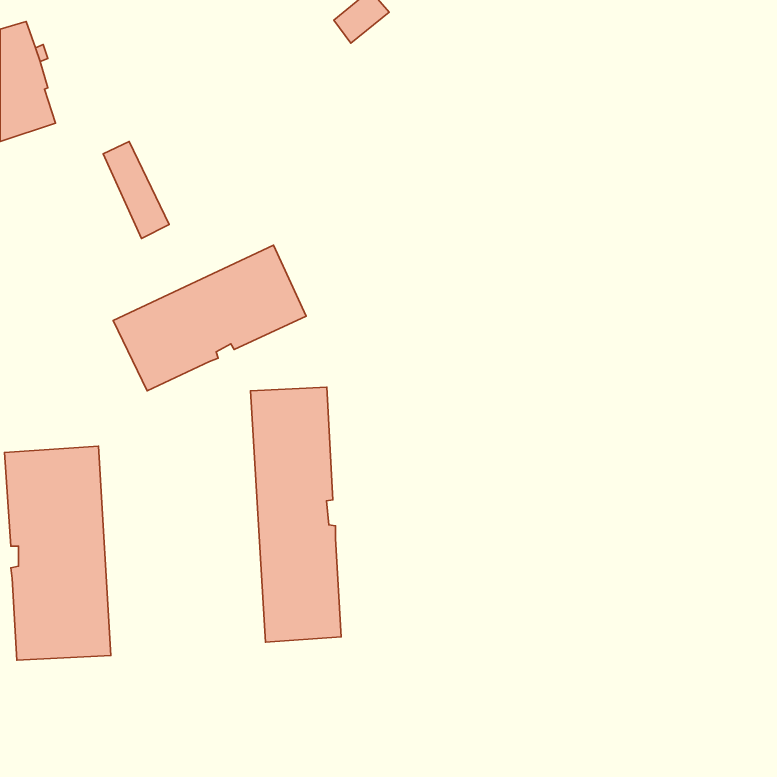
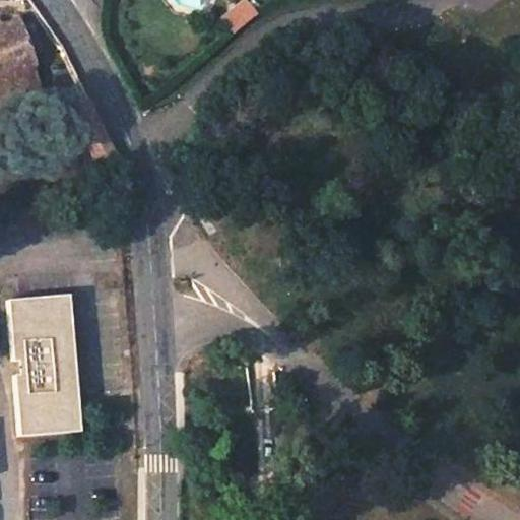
building: [113,245,306,391] -> none
building: [251,387,341,642] -> none

